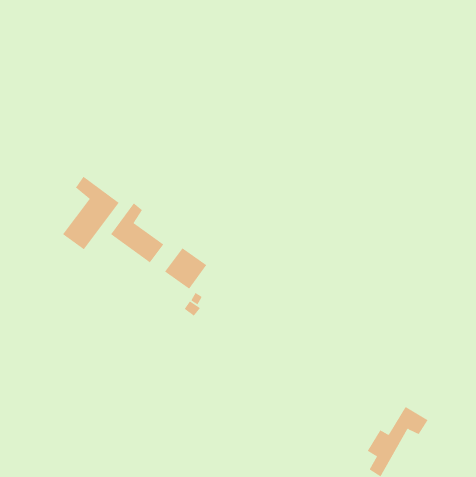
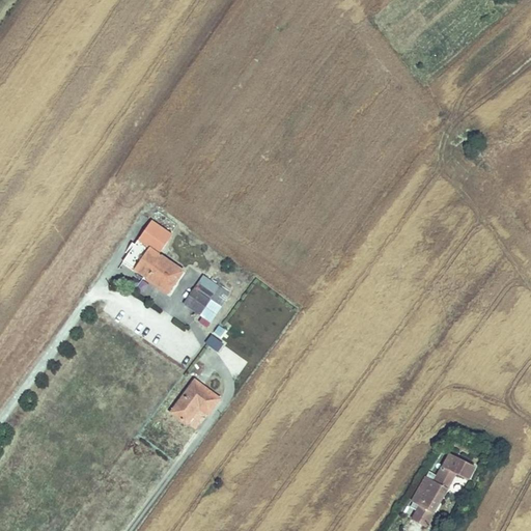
building: [62,176,120,250] -> none
building: none -> [174,381,220,420]

